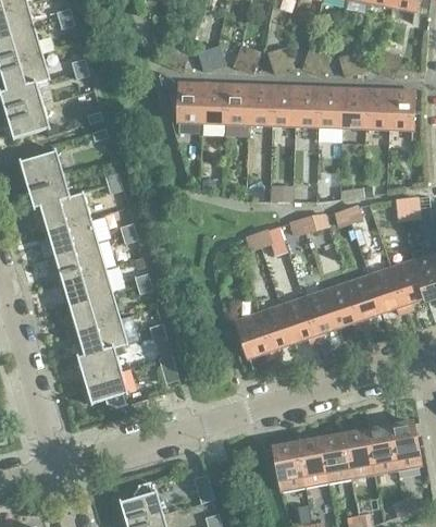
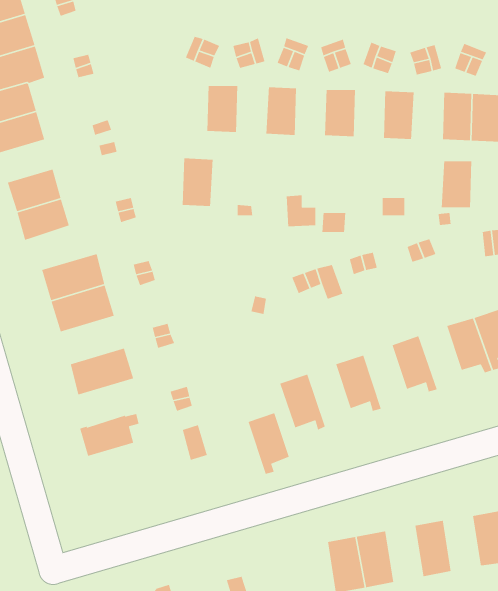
building: [202,84,227,123] -> [182,158,213,207]
building: [249,86,273,124] -> none
building: [296,87,320,126] -> none
building: [341,89,366,127] -> [441,160,472,208]
building: [40,192,91,231] -> none
building: [62,268,113,306] -> none
building: [347,275,381,327] -> none
building: [303,291,337,342] -> none
building: [259,306,292,356] -> [248,412,290,475]
building: [76,318,128,356] -> none
building: [84,369,127,407] -> none
building: [366,427,396,471] -> none
building: [321,434,350,480] -> none

